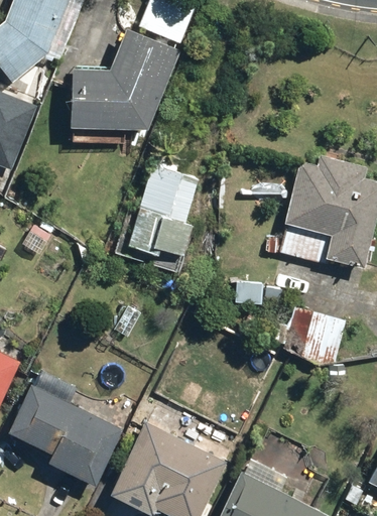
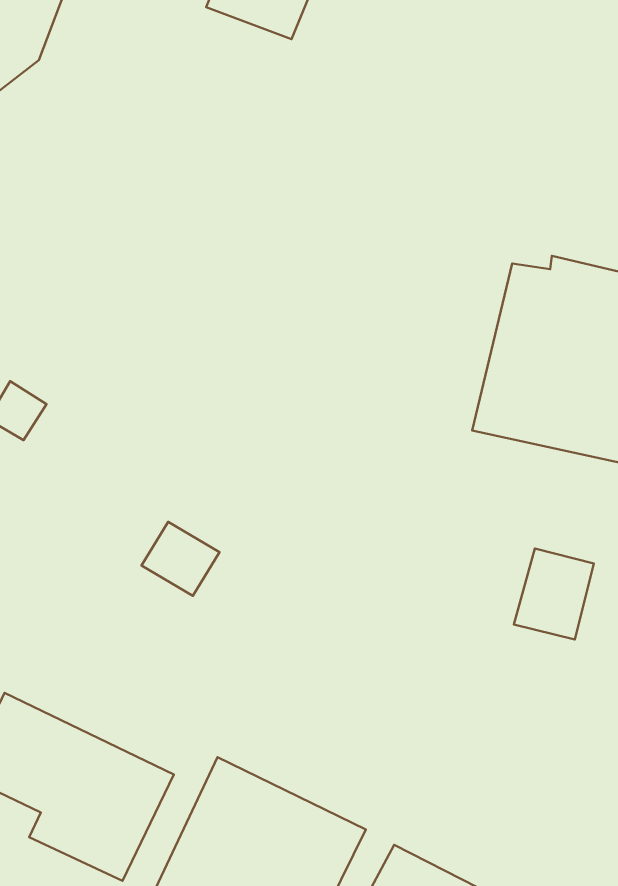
building: [65,30,179,144] -> none
building: [136,165,201,256] -> none

